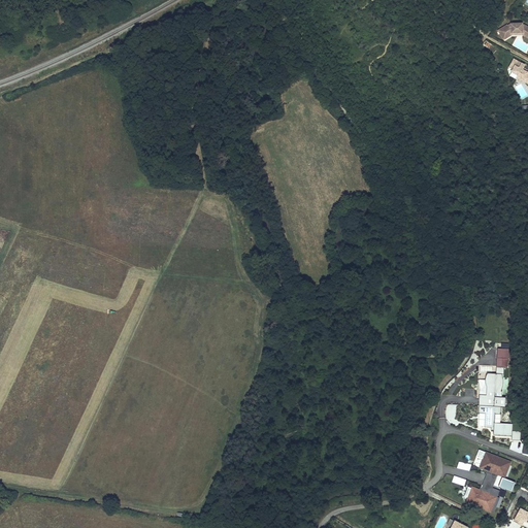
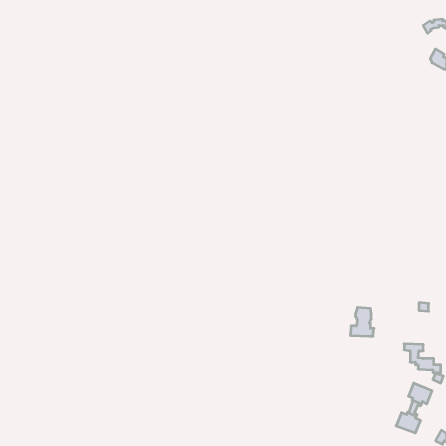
building: [477,372,505,406] -> [350,307,374,336]

